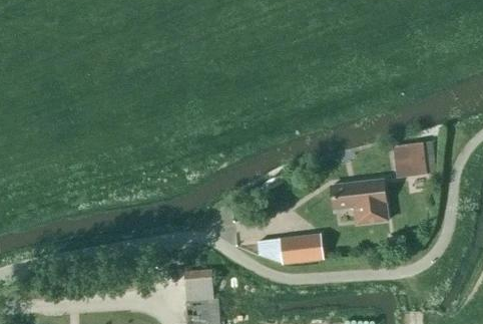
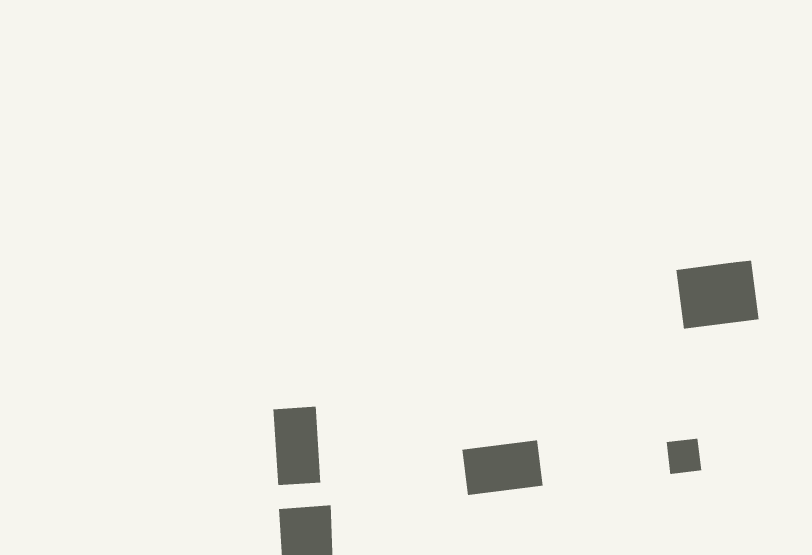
building: [331,181,387,225] -> none
building: none -> [273,406,321,486]

